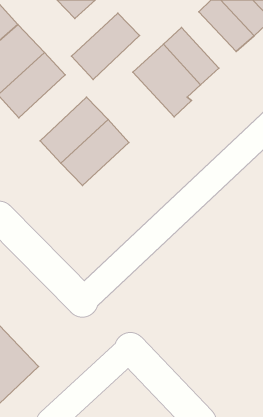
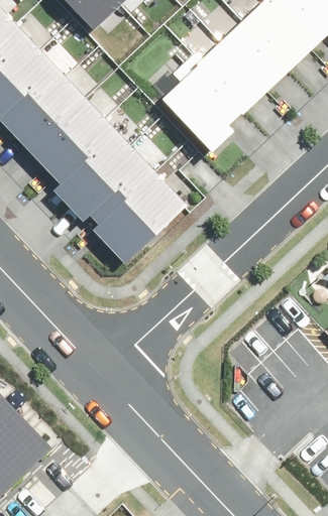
building: none -> [223,19,290,88]
building: [72,13,139,79] -> [24,96,107,176]
building: none -> [96,178,190,269]

